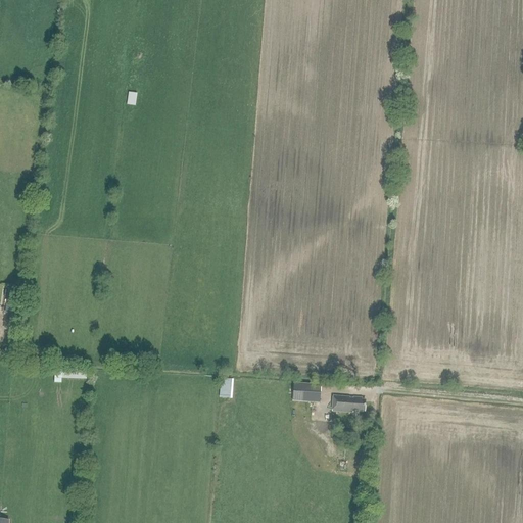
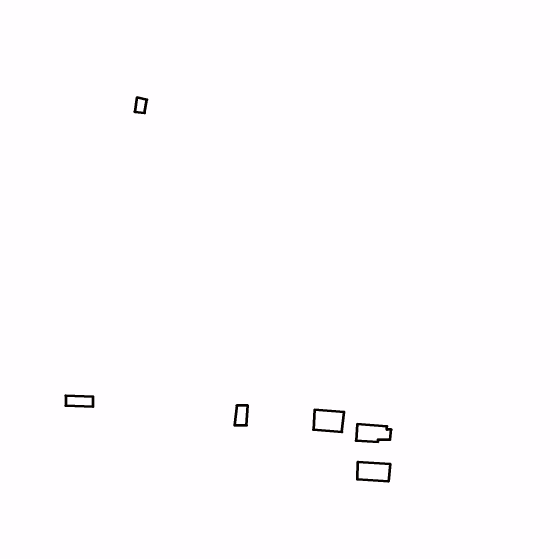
building: none -> [357,462,390,481]

